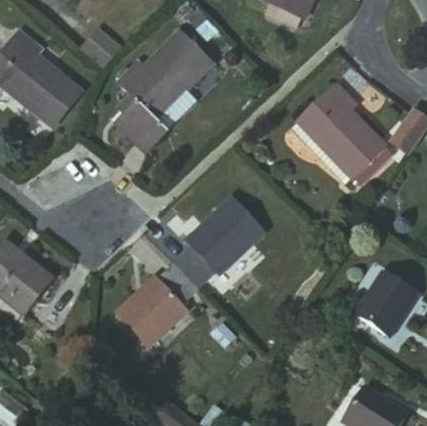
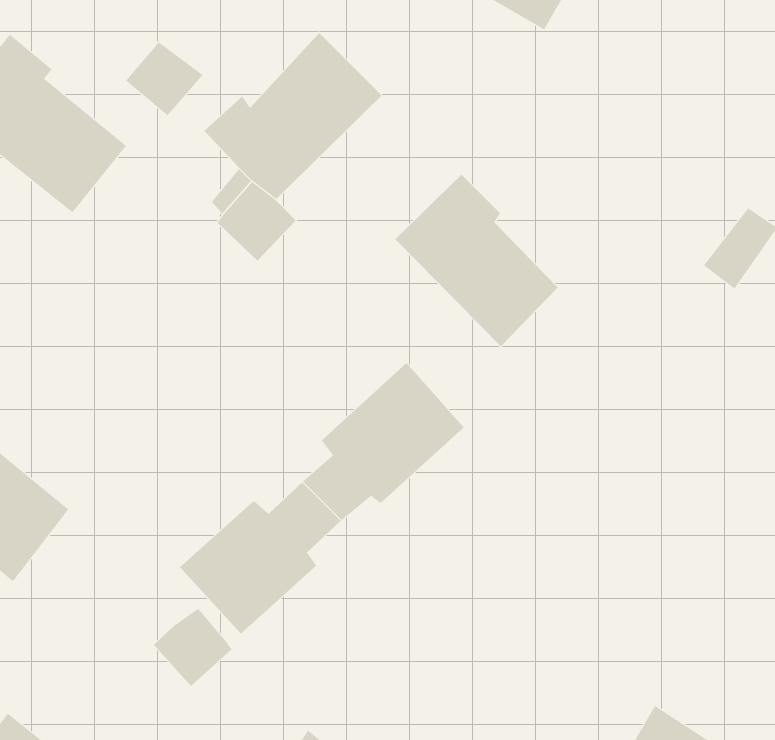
building: [291,88,379,181] -> [394,174,558,347]
building: [357,267,416,331] -> none
building: none -> [153,608,232,687]

